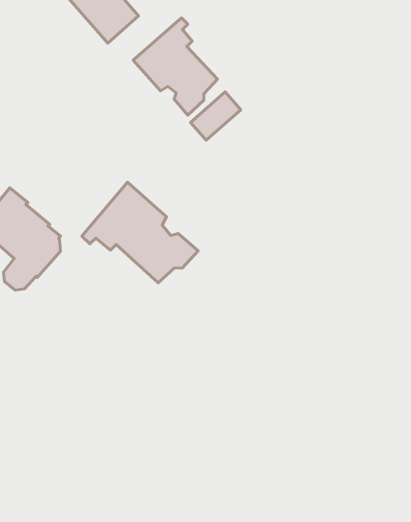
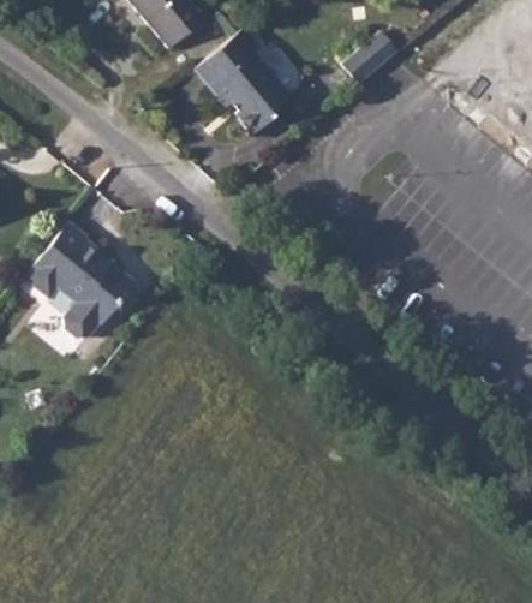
building: [190,92,241,140] -> [337,30,395,85]
building: [82,182,198,283] -> none

